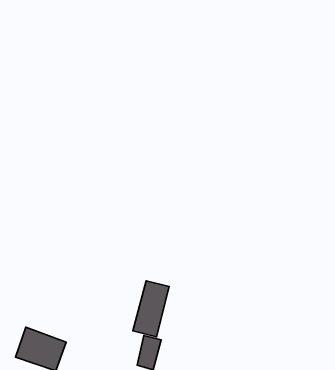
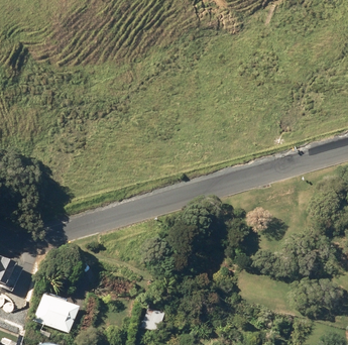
building: [133,281,169,337] -> none

